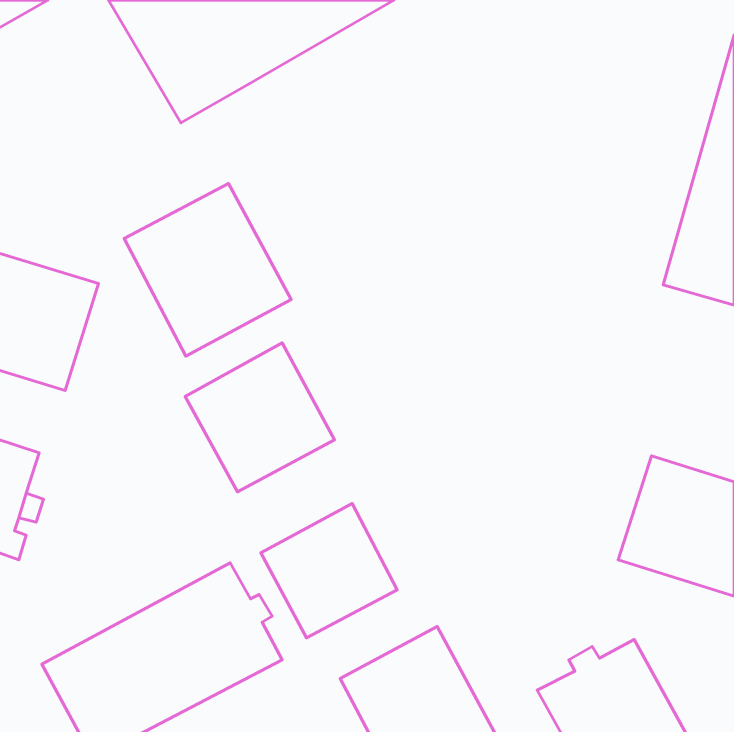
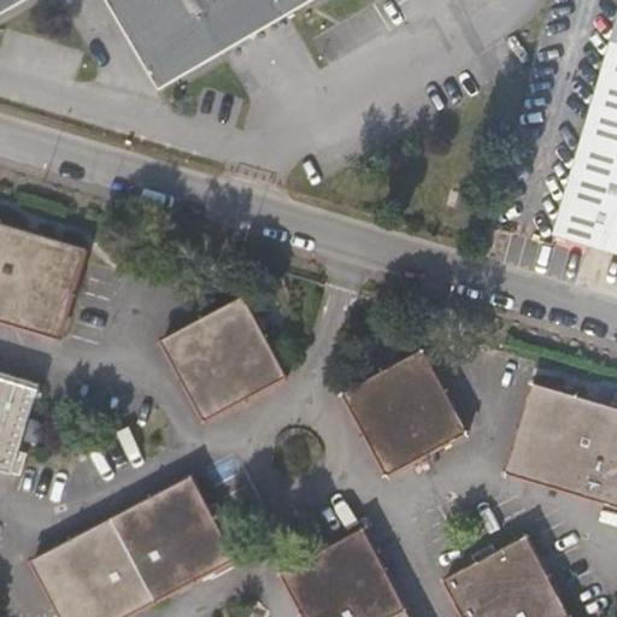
building: [124,183,291,356] -> none
building: none -> [346,349,469,471]
building: [261,504,397,638] -> none

